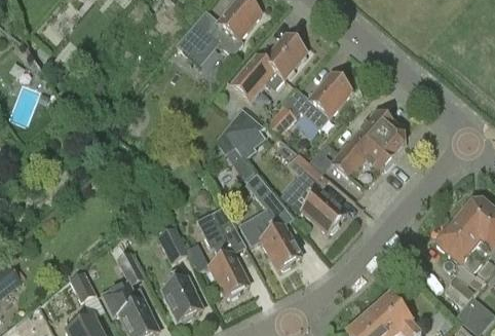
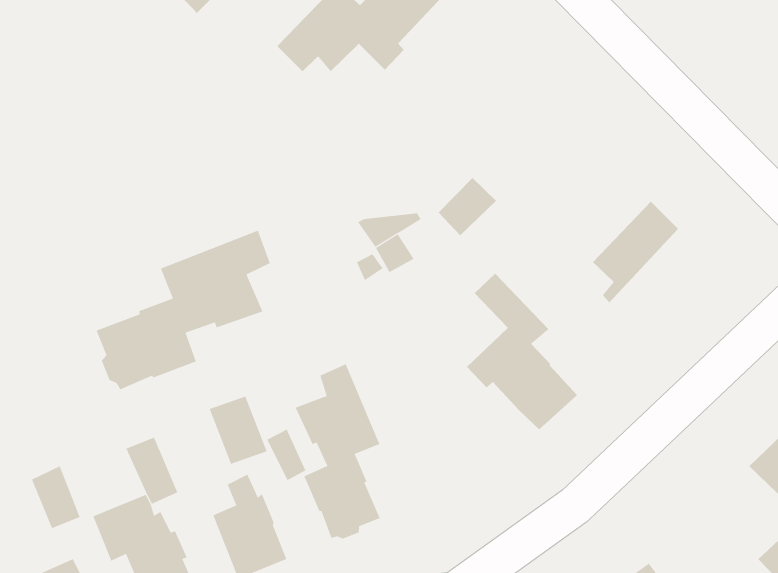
building: [229,32,306,101] -> none
building: [294,71,351,127] -> none
building: [332,122,404,188] -> none
building: none -> [96,230,270,390]
building: [244,173,301,267] -> none

